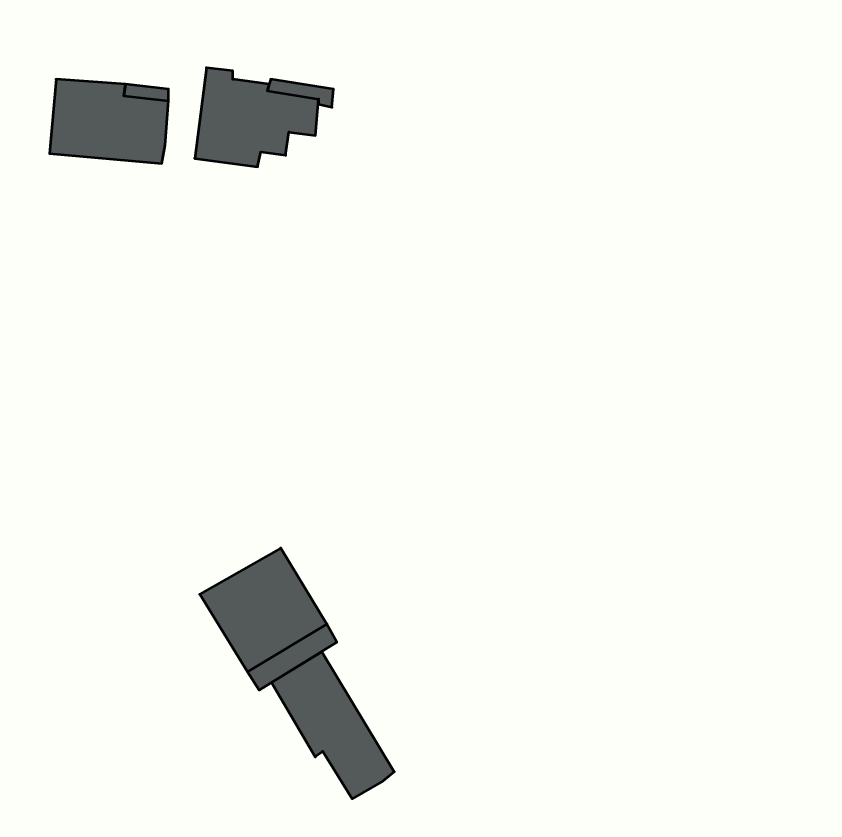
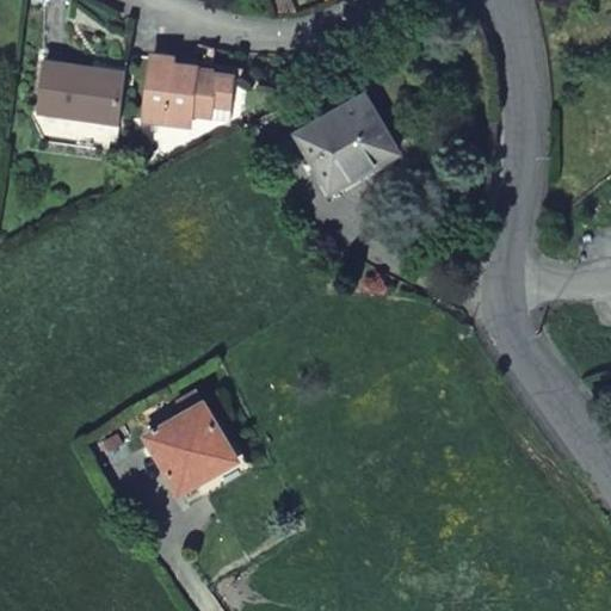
building: none -> [292,101,389,193]
building: [271,652,394,799] -> none

